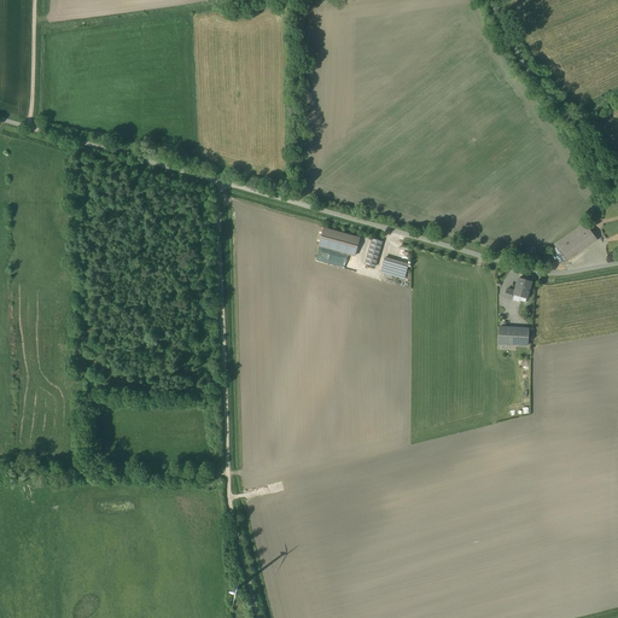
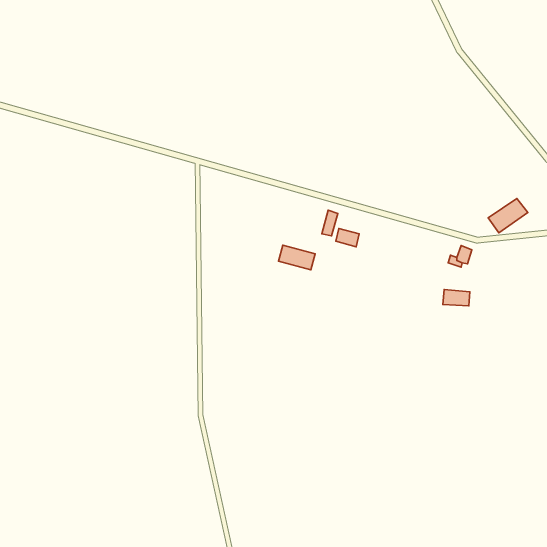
building: [320,227,361,255] -> [279,245,315,270]

